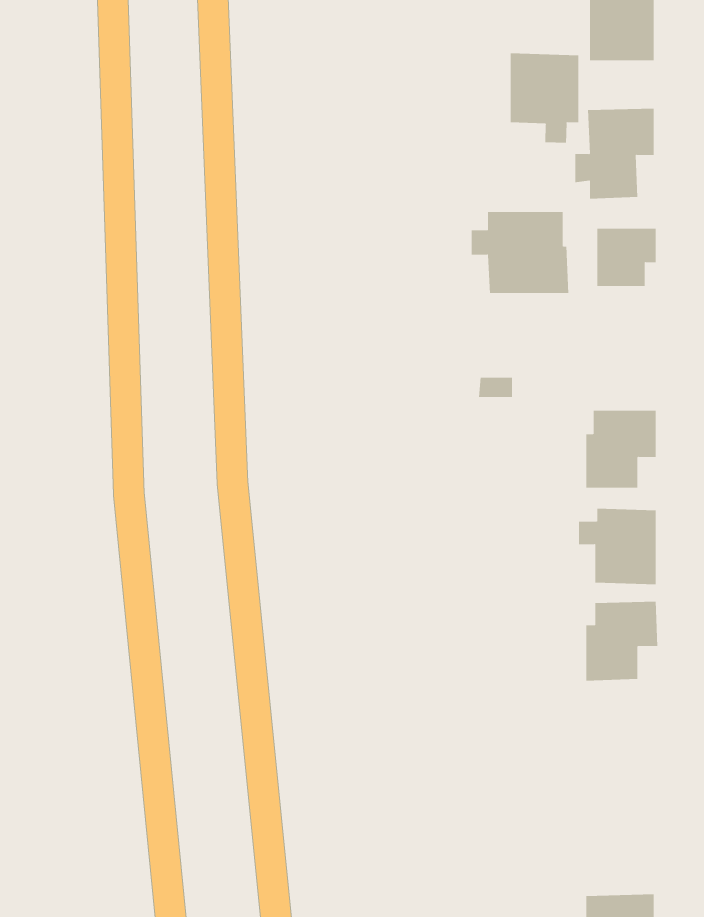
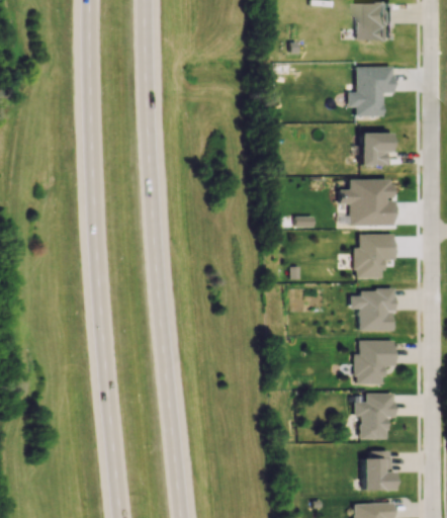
building: [510,52,579,144] -> none
building: [471,211,569,293] -> [340,179,394,225]
building: none -> [356,393,395,439]
building: none -> [363,450,392,491]

